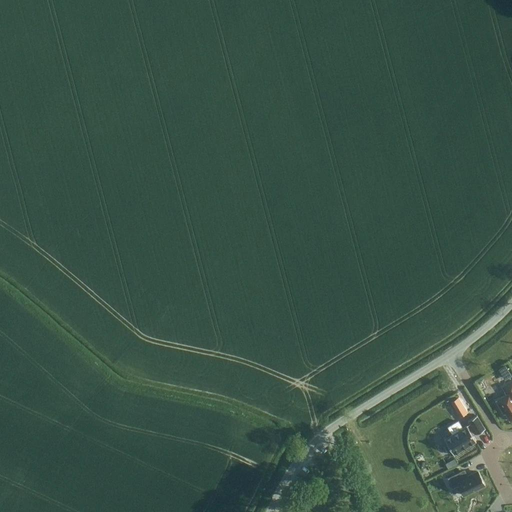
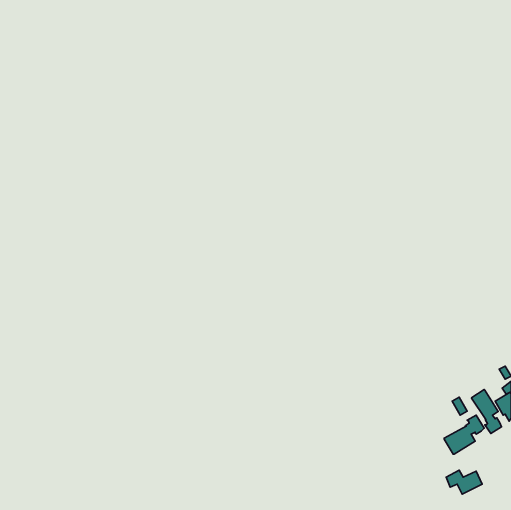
building: none -> [472,390,502,434]

